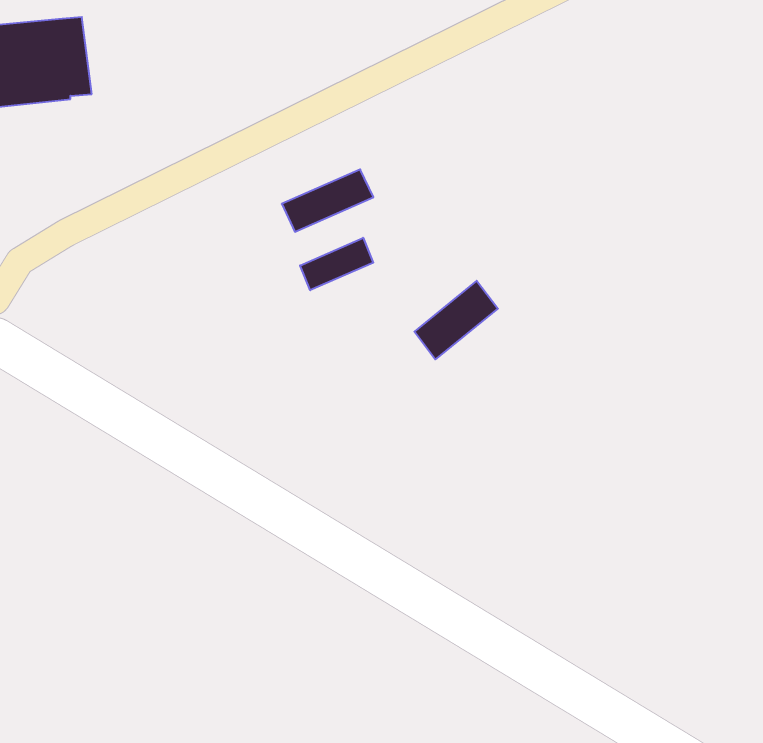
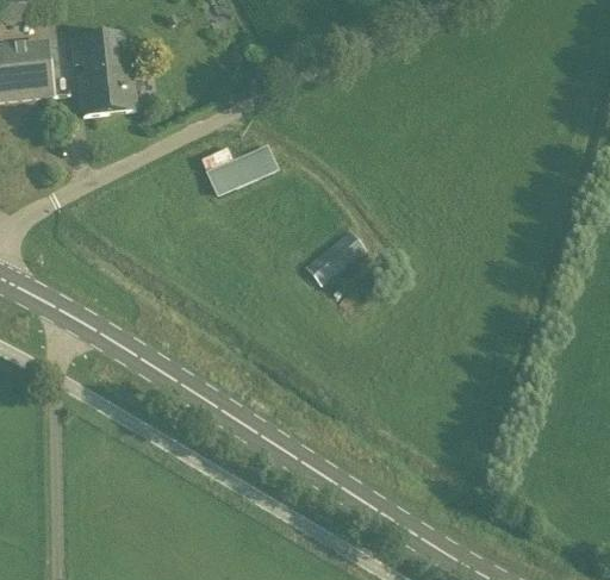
building: none -> [68,31,133,113]
building: [300,238,373,290] -> none

